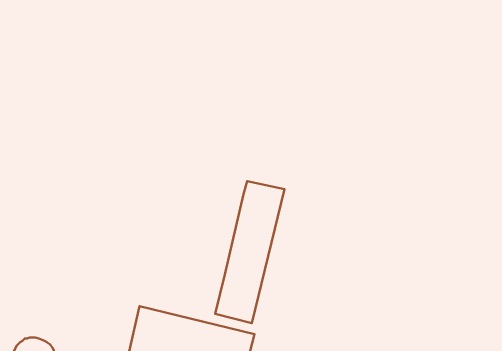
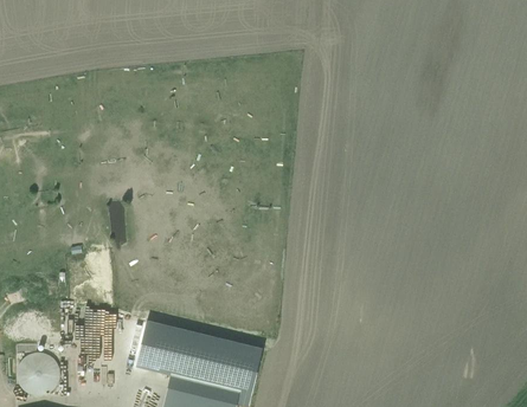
building: [215,181,284,323] -> none

